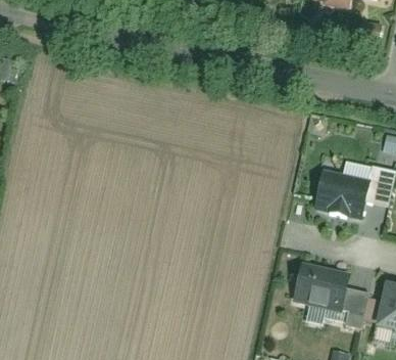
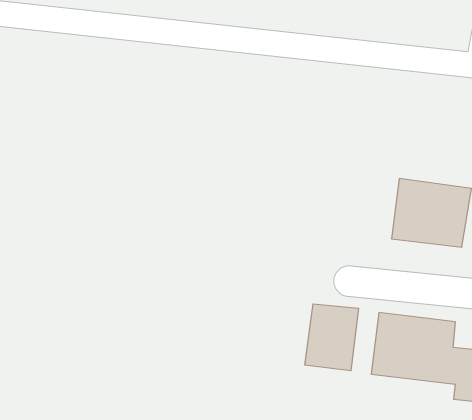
building: none -> [305,304,359,371]

